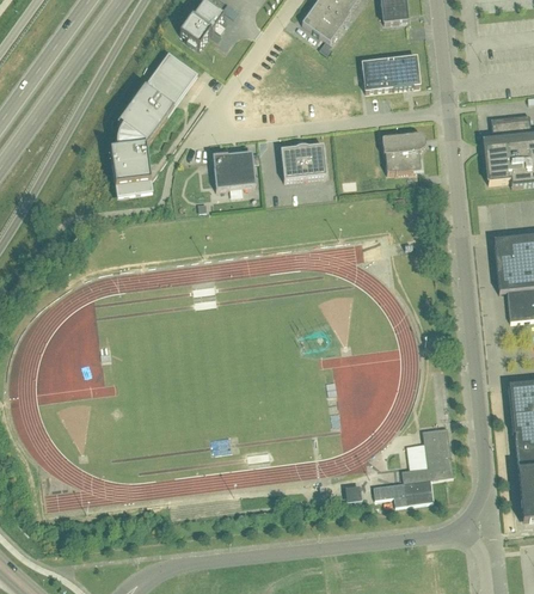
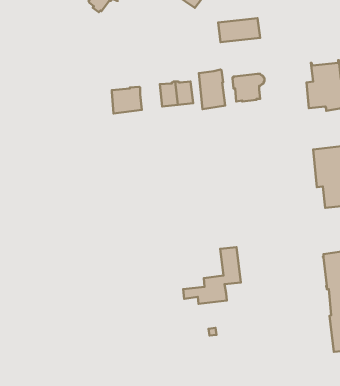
building: [110,51,197,198] -> none
building: none -> [199,69,225,109]
building: [373,425,453,504] -> [183,247,241,304]

